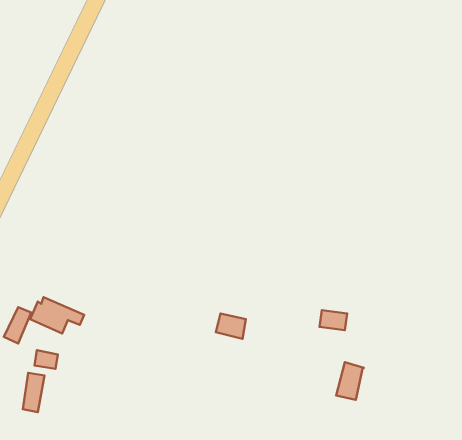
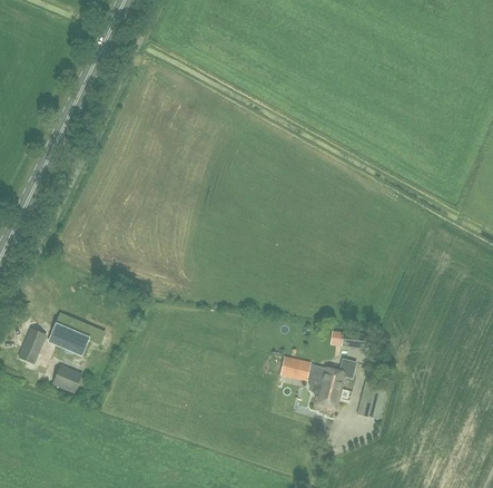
building: [216,314,246,339] -> [277,357,307,382]
building: none -> [313,368,342,410]
building: [23,373,44,412] -> none

